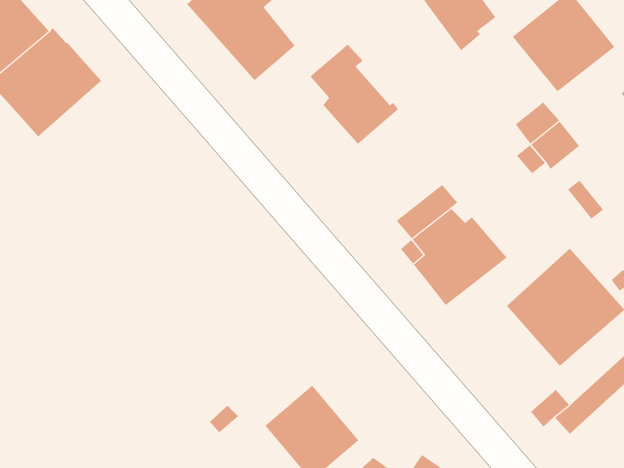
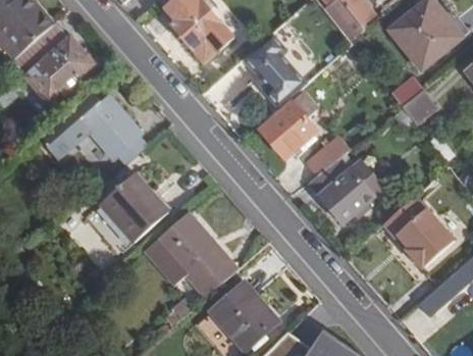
building: none -> [261,90,319,157]
building: none -> [40,93,149,171]
building: none -> [88,173,168,252]
building: none -> [144,211,238,298]

